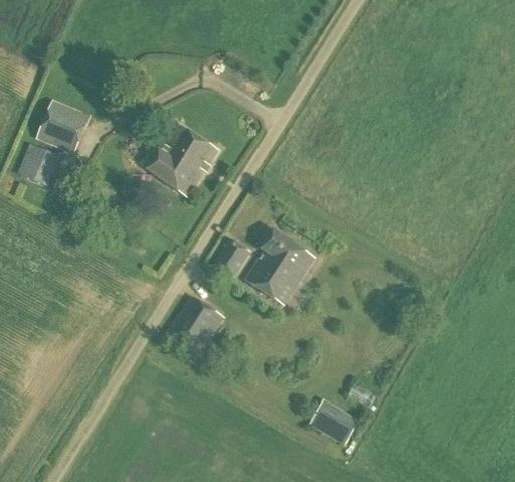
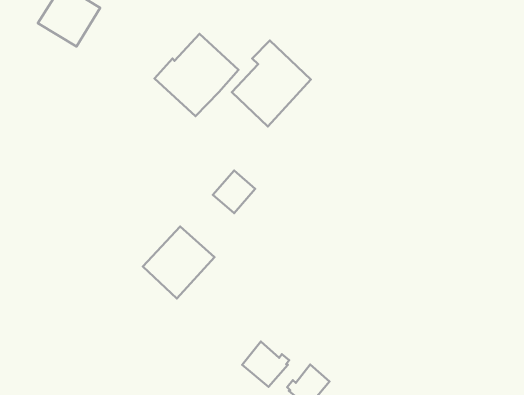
building: [17,144,60,187] -> none
building: [247,229,315,305] -> [232,41,311,127]
building: none -> [242,341,289,387]

